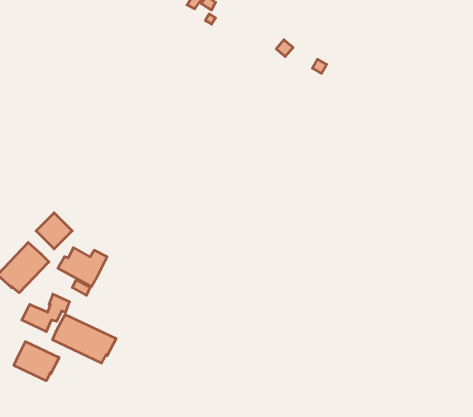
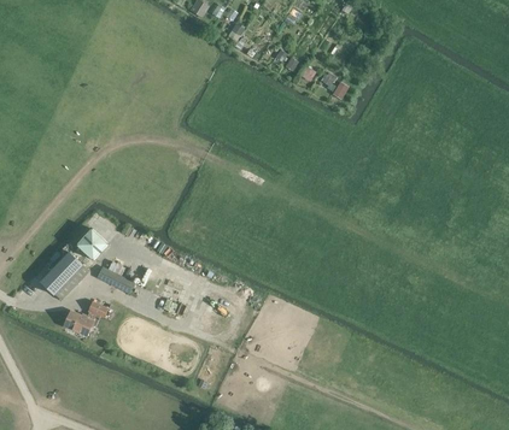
building: [53,314,116,363] -> none
building: [14,342,59,381] -> none

